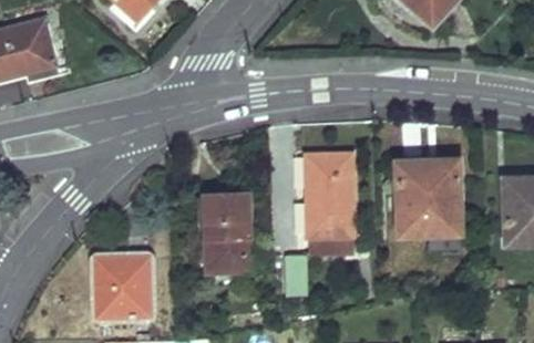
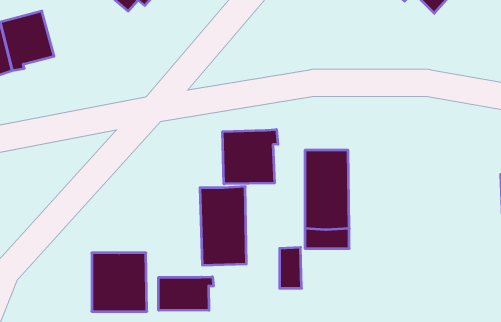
building: none -> [223,129,278,184]
building: [398,162,460,235] -> none
building: none -> [159,277,213,310]

